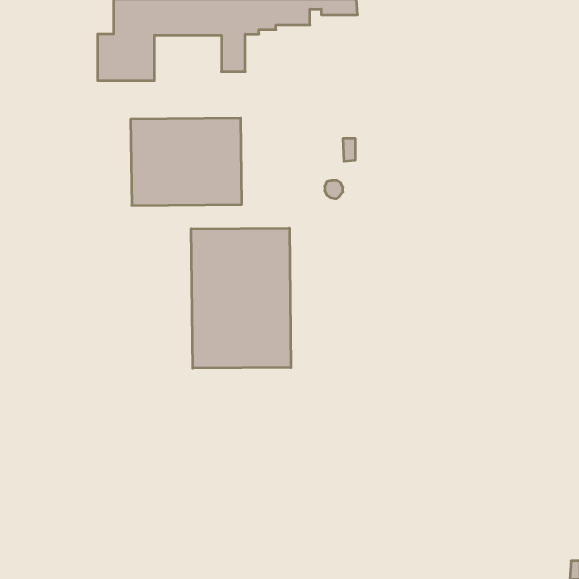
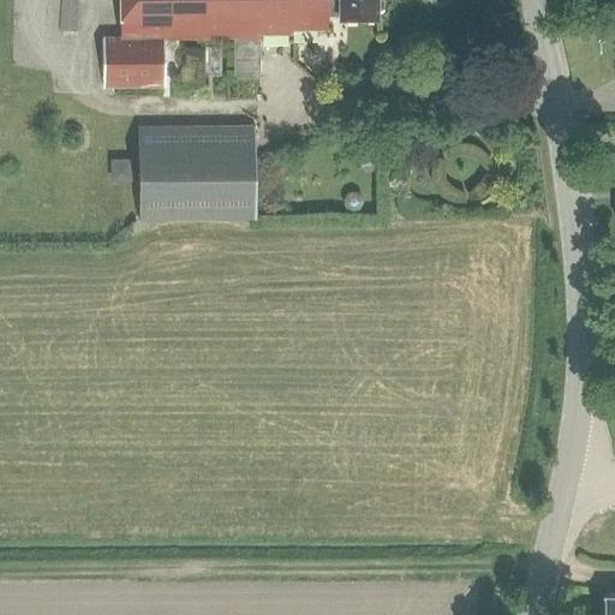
building: [191,228,291,368] -> none

